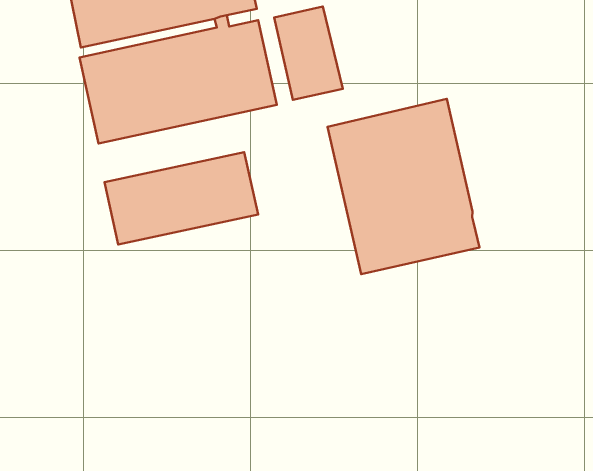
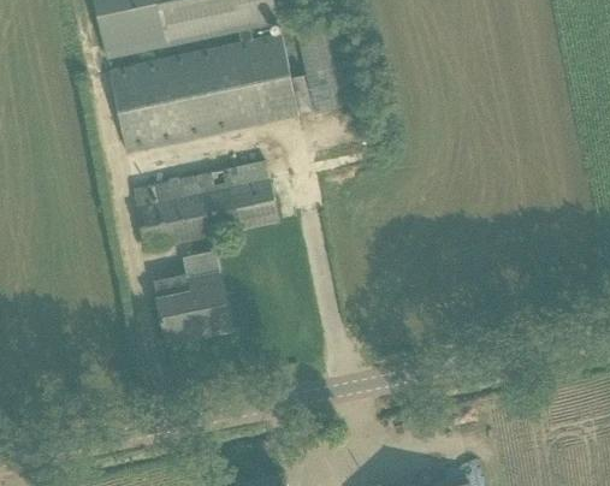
building: [328,99,479,274] -> none
building: none -> [158,251,230,338]

